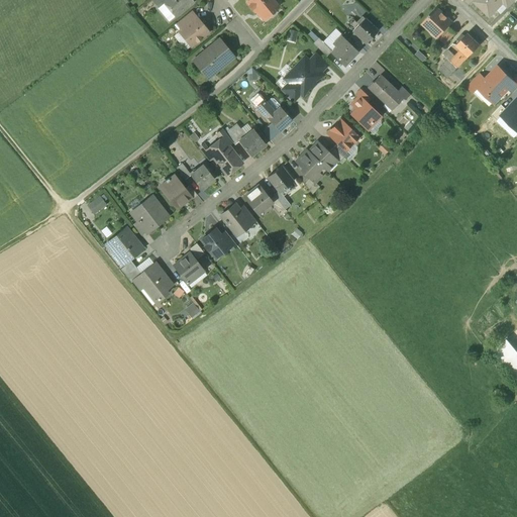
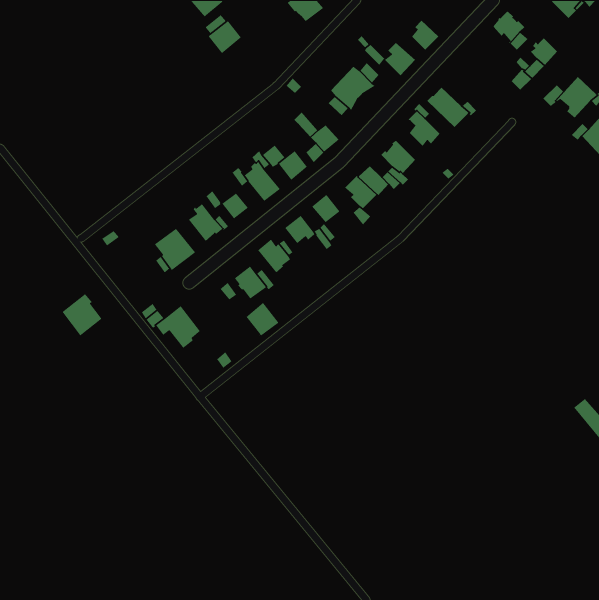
building: [195,39,234,74] -> none
building: [107,227,142,265] -> [62,293,103,336]
building: [175,252,204,283] -> [245,302,279,337]

